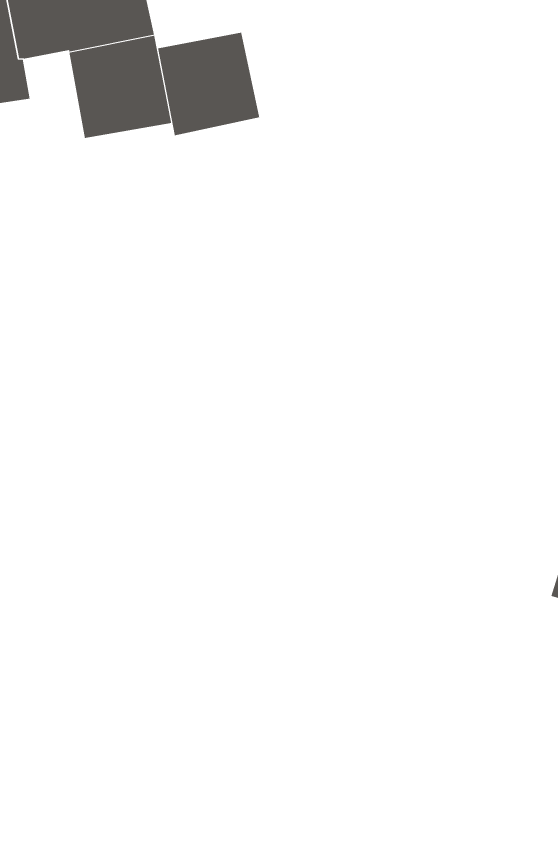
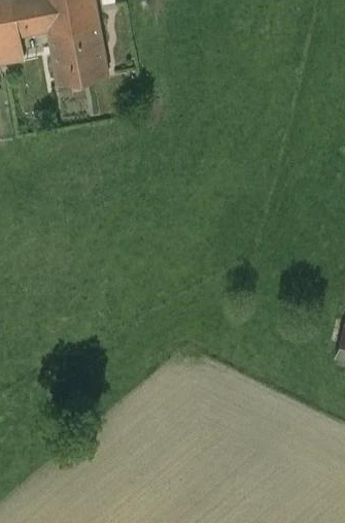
building: [157,32,260,136] -> none

